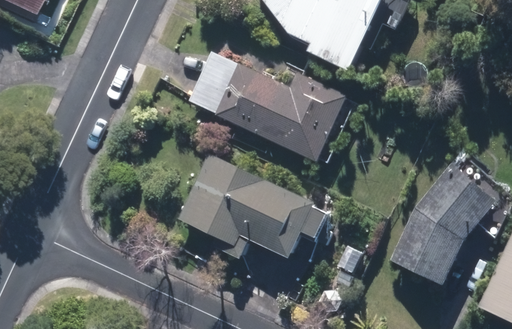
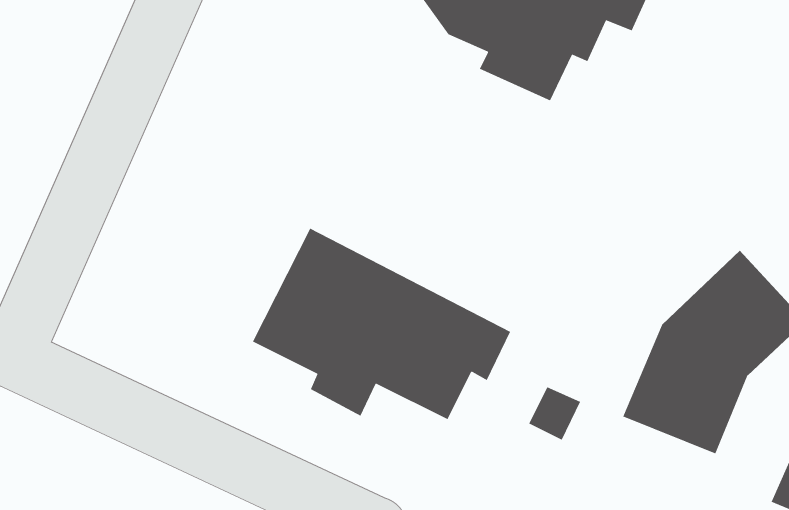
building: [189,48,353,163] -> none

